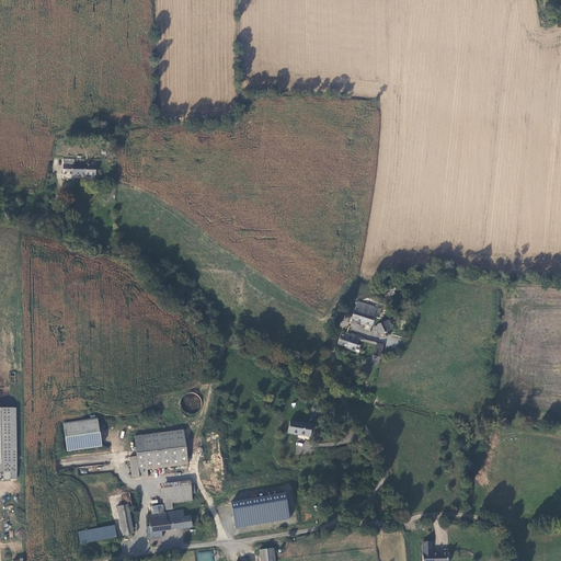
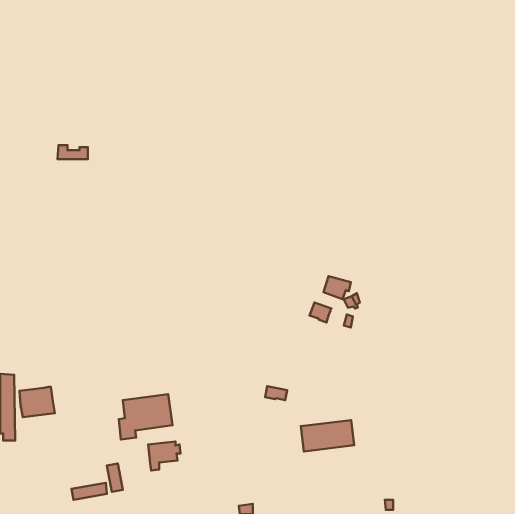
building: [64,417,102,450] -> [20,387,55,417]
building: [231,492,289,526] -> [301,420,354,451]
building: [147,504,192,539] -> none

